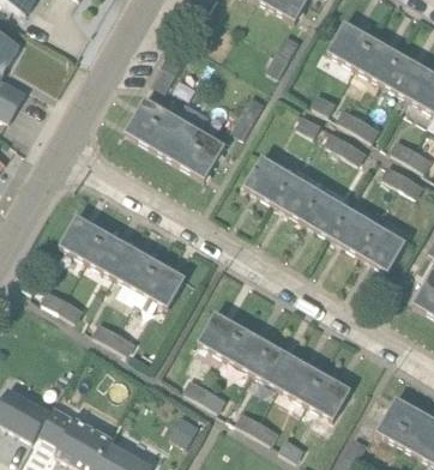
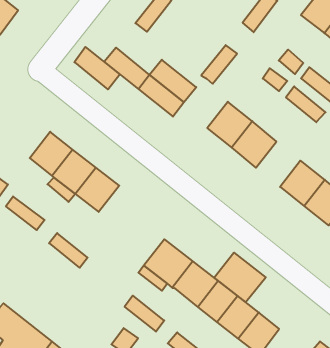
building: [134,96,185,138] -> [74,47,120,89]
building: [301,189,348,237] -> none
building: [140,260,186,307] -> none
building: none -> [214,253,266,302]

